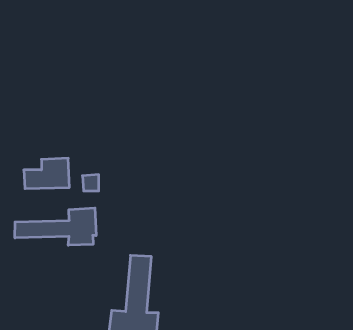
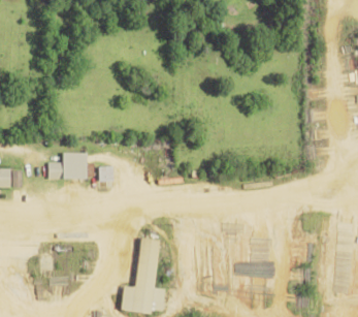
building: [15,208,96,245] -> none

